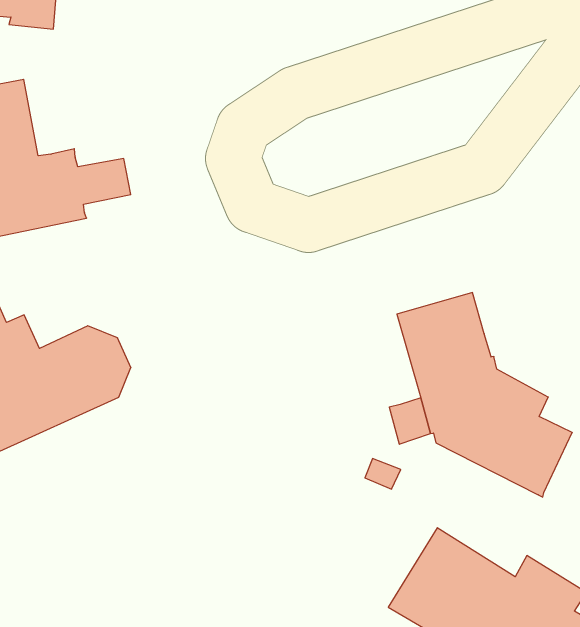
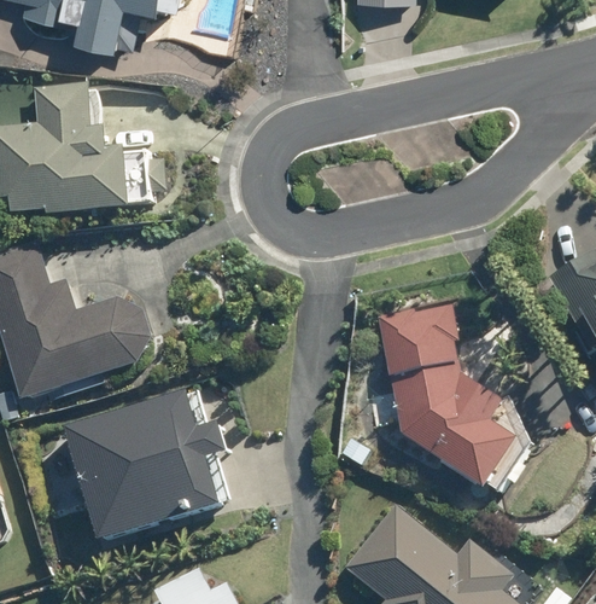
building: none -> [68,387,222,538]

